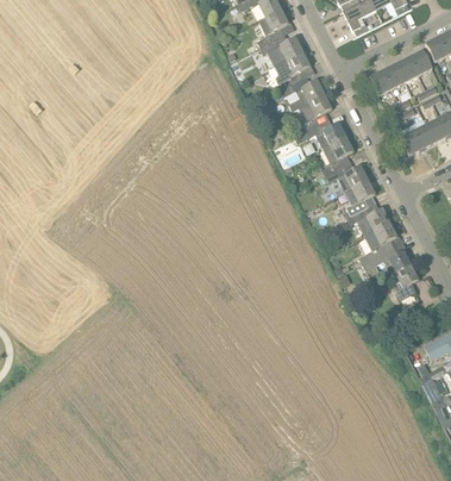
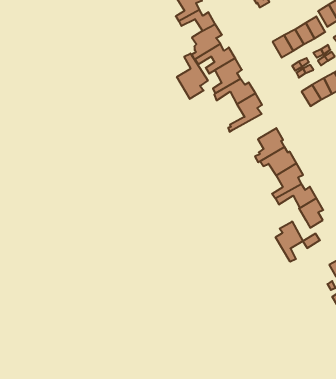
building: none -> [177,53,208,99]
building: [317,161,368,190] -> none
building: none -> [276,221,303,262]

